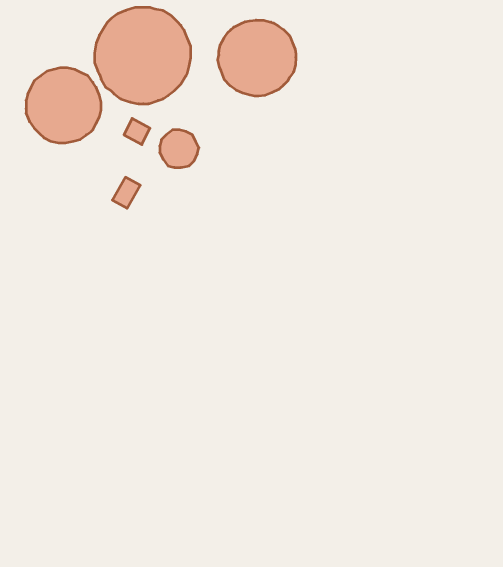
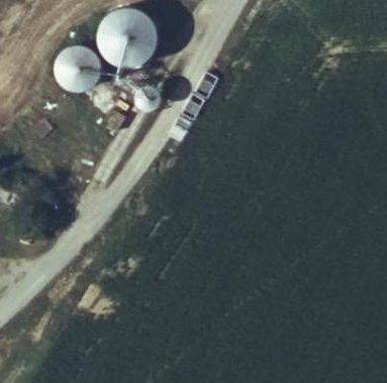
building: [218,20,296,96] -> none

